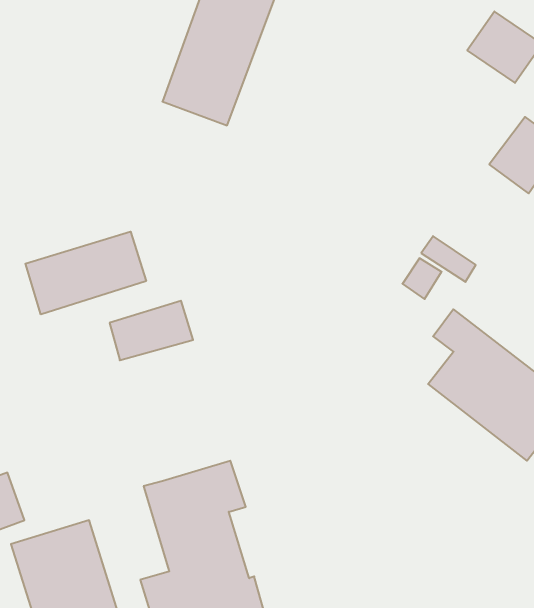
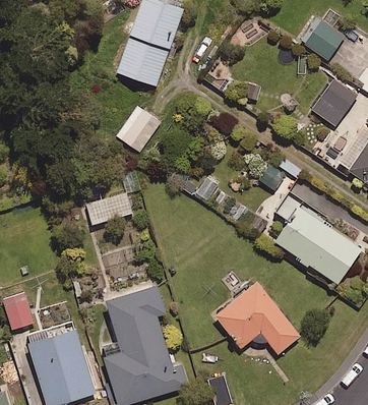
building: none -> [115,105,160,152]
building: [25,232,146,314] -> none
building: none -> [214,282,299,354]

